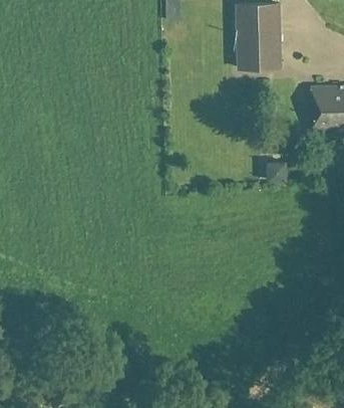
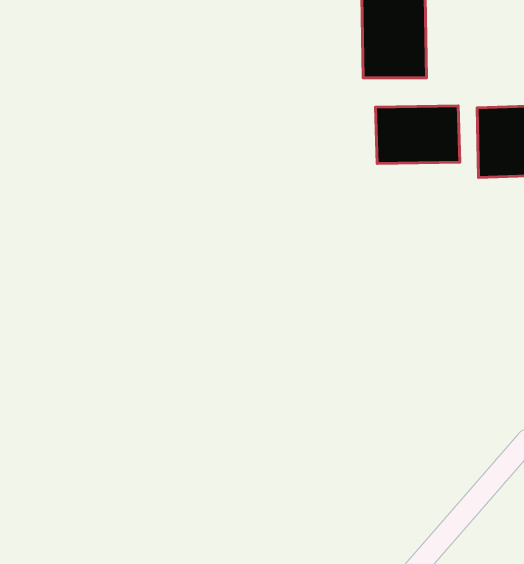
building: none -> [376,106,460,163]

